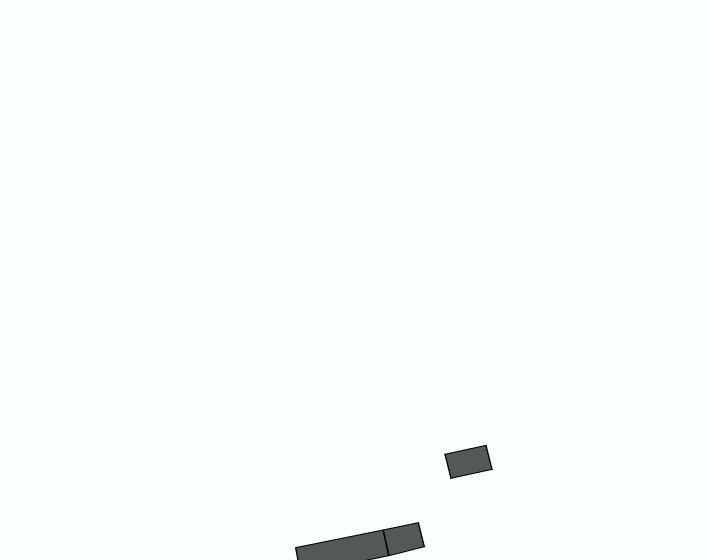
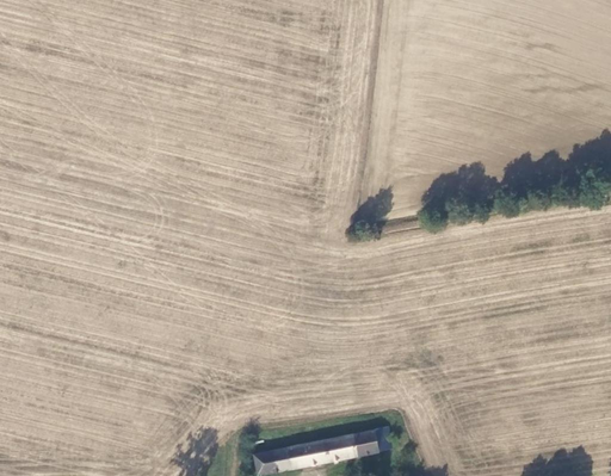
building: [445,446,492,478] -> [352,427,390,453]

